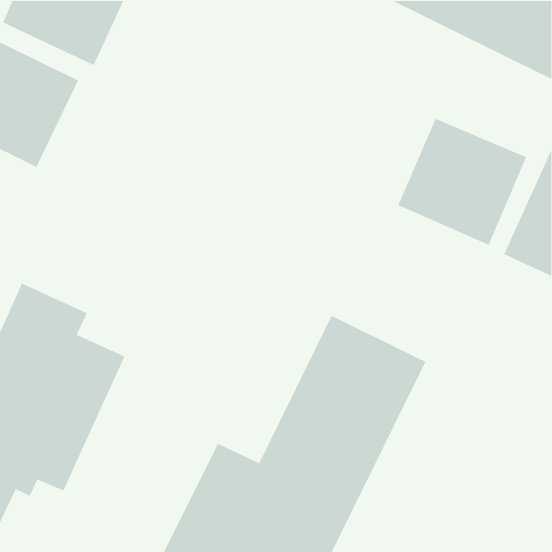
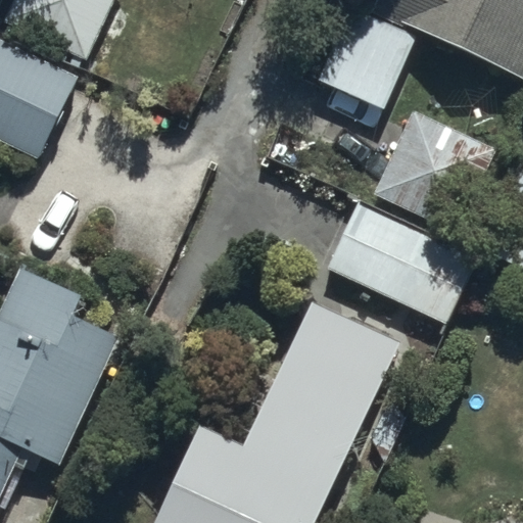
building: none -> [315,7,415,109]
building: none -> [323,200,473,321]

